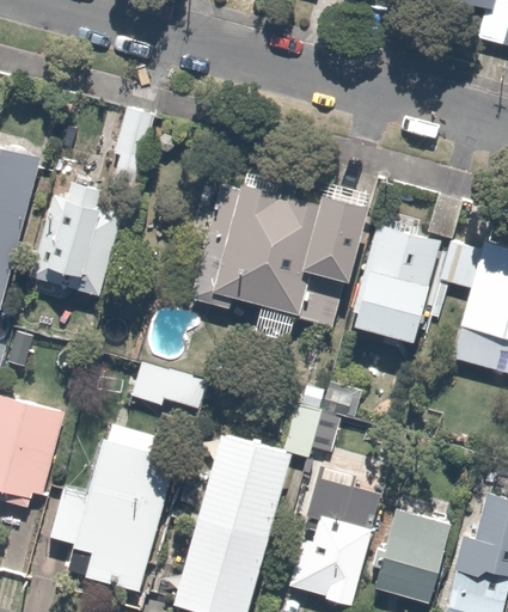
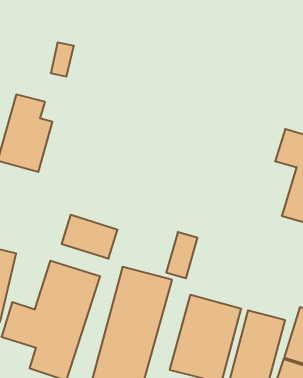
building: [198,179,360,329] -> none
building: [355,225,439,341] -> none

